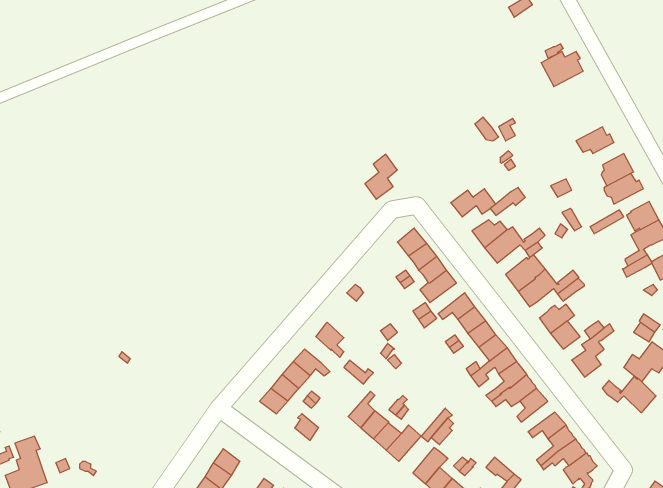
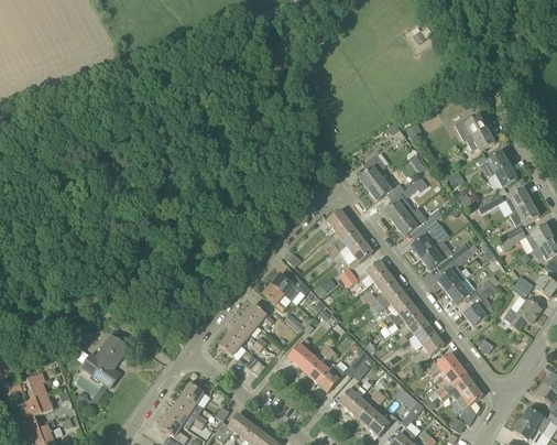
building: [541,51,583,87] -> [454,113,487,141]
building: [365,154,397,199] -> [359,153,384,188]
building: none -> [271,272,308,300]
building: [602,377,656,413] -> none
building: none -> [80,334,128,386]

